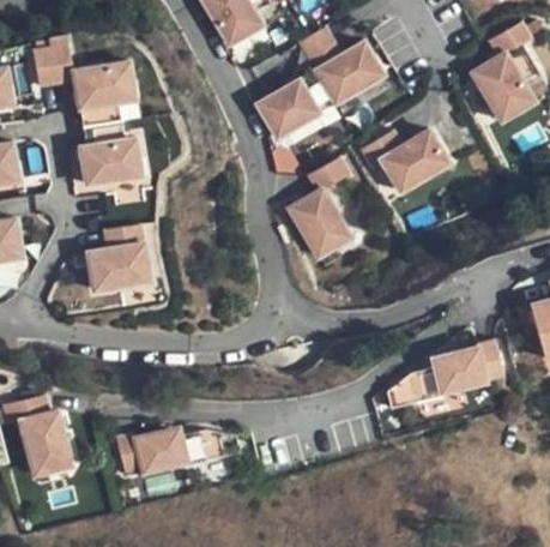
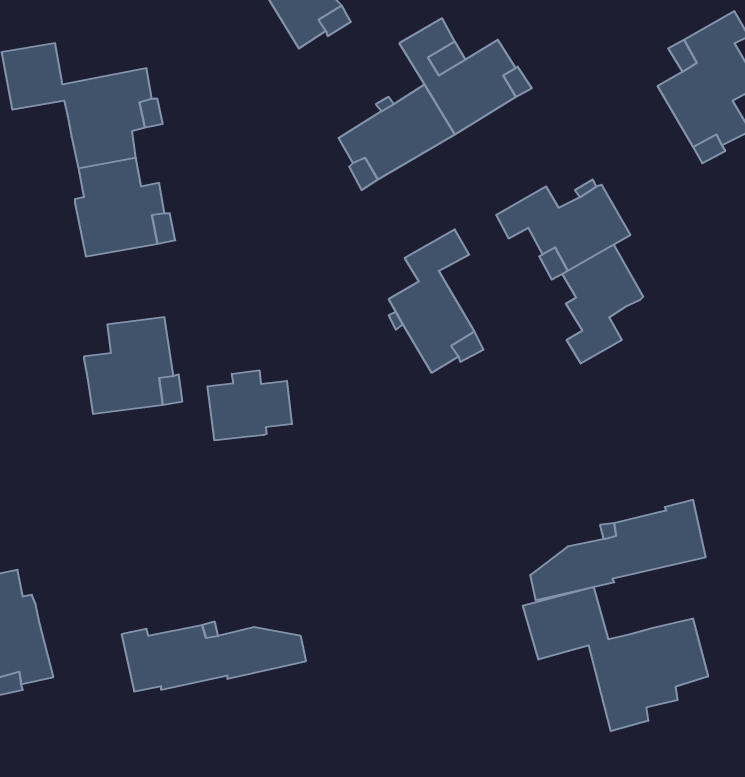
building: none -> [562,245,643,364]
building: none -> [207,370,292,440]
building: none -> [523,587,708,731]

